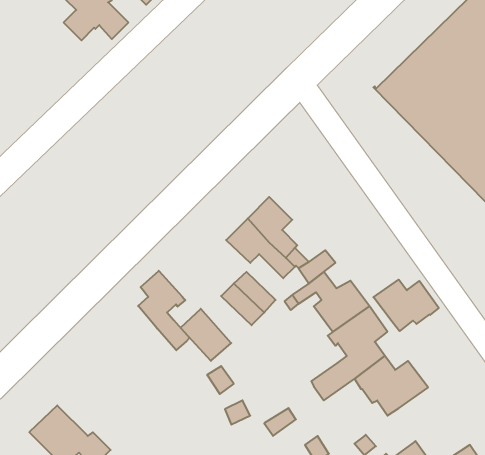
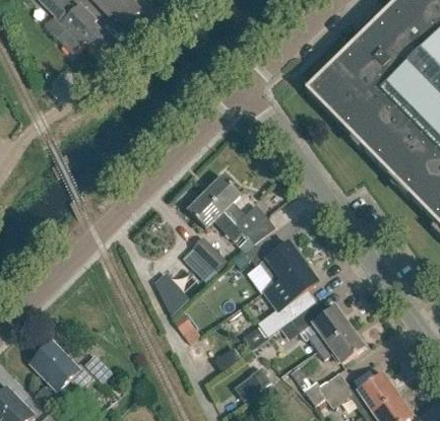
building: [138,271,189,350] -> none
building: [373,280,439,331] -> none
building: none -> [316,327,363,363]

